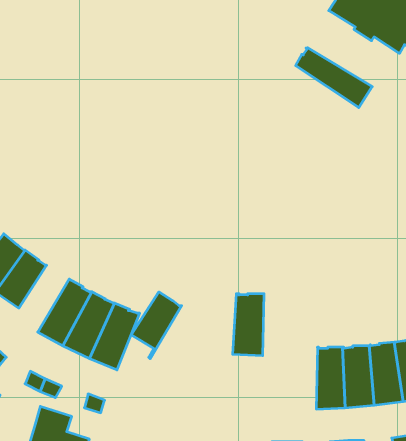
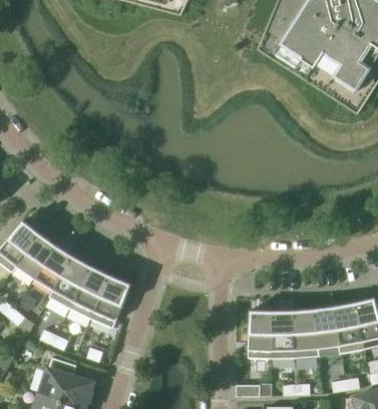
building: [296,48,372,108] -> none
building: [131,292,182,359] -> [34,246,74,299]
building: [233,294,264,356] -> [247,311,272,360]

